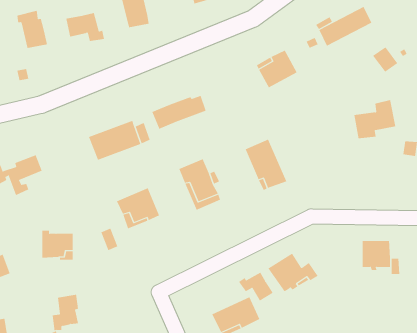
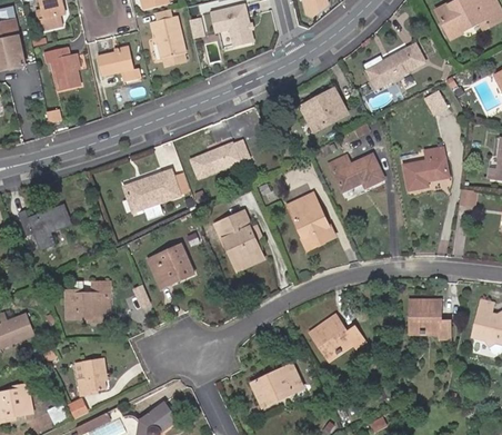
building: none -> [330,152,383,189]
building: [238,272,274,301] -> none

